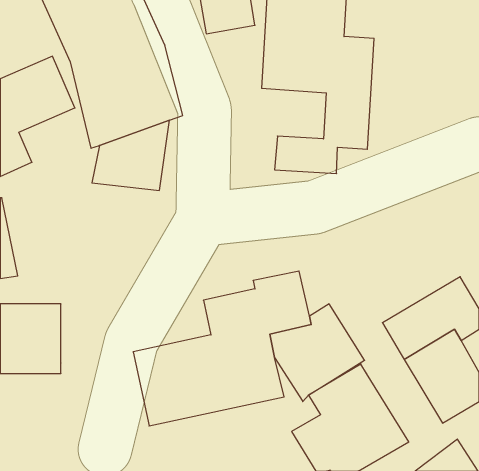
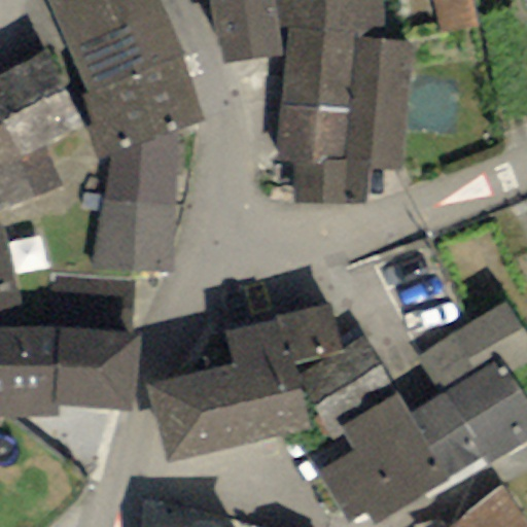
building: none -> [284,97,358,152]
building: none -> [93,201,175,276]
building: none -> [67,333,136,398]
building: none -> [402,387,486,485]

